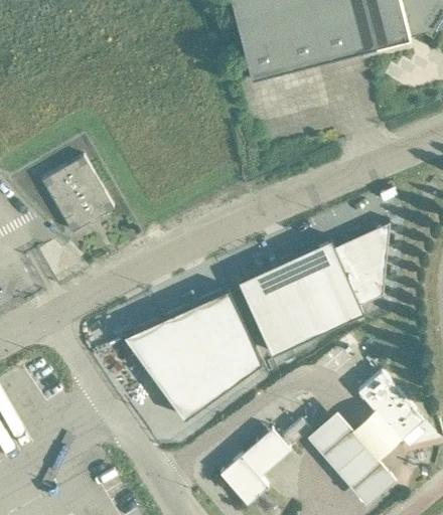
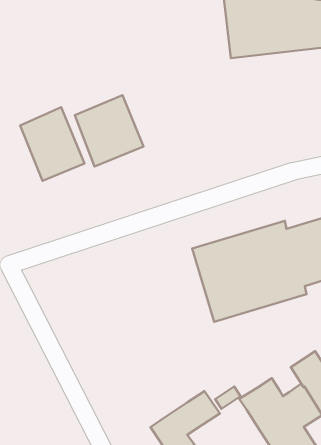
building: none -> [75,95,144,167]
building: [126,296,265,426] -> none

